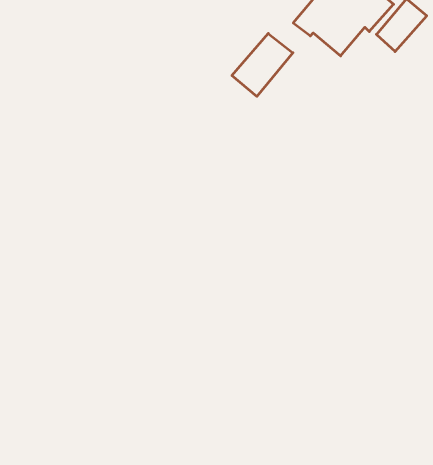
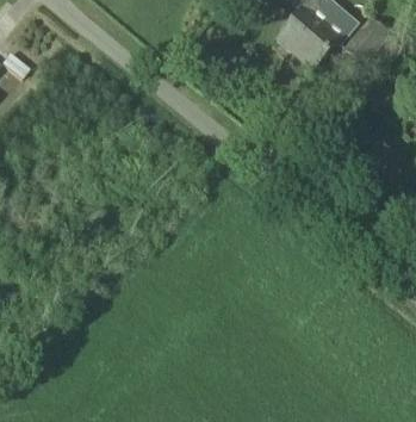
building: [232,33,293,96] -> none

